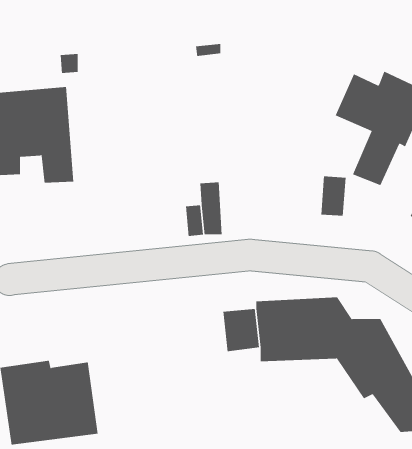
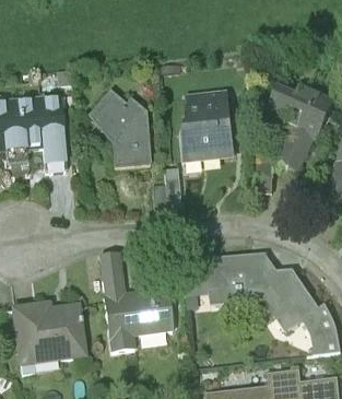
building: none -> [87,91,149,166]
building: none -> [178,91,234,160]
building: none -> [99,269,169,352]

